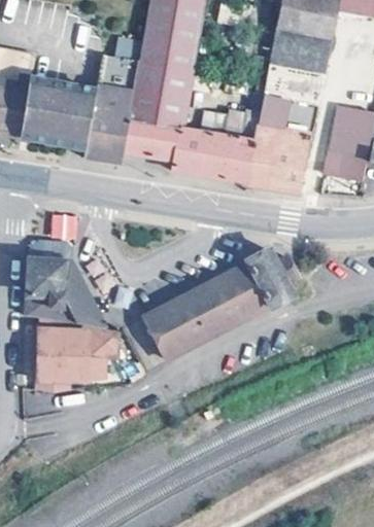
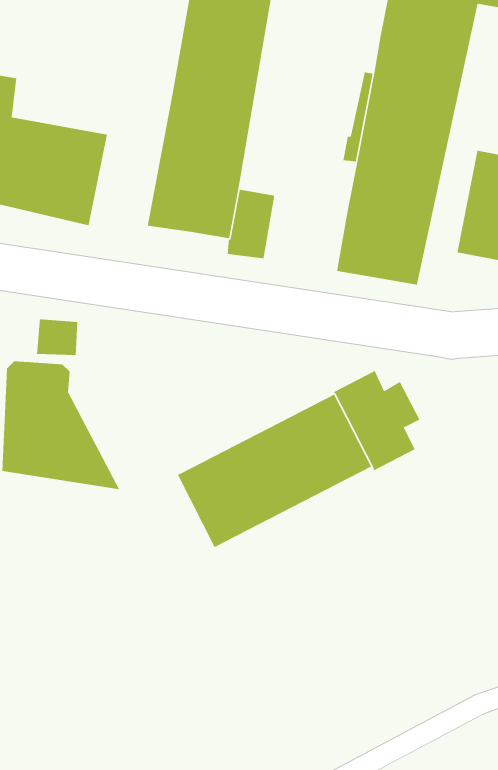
building: [82,57,138,162] -> none
building: [199,109,253,181] -> none
building: [35,315,117,387] -> none

